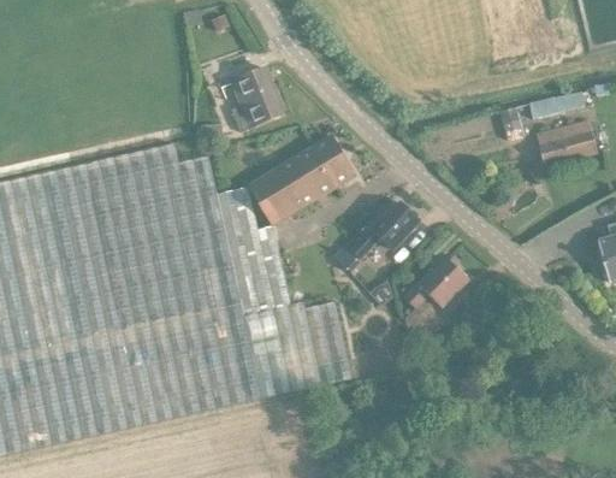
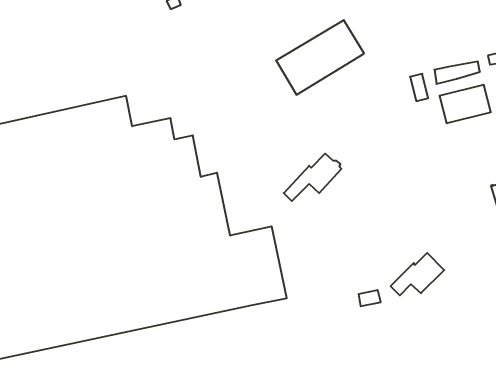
building: [231,71,284,136] -> none
building: [249,140,354,229] -> [276,20,364,95]
building: [404,261,468,312] -> [391,253,444,295]

